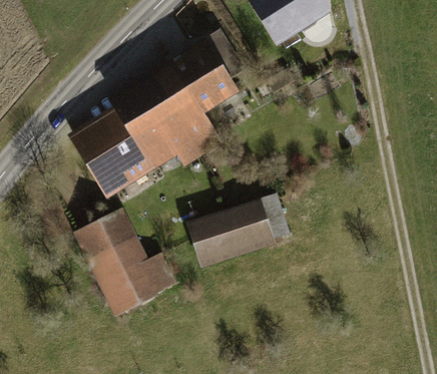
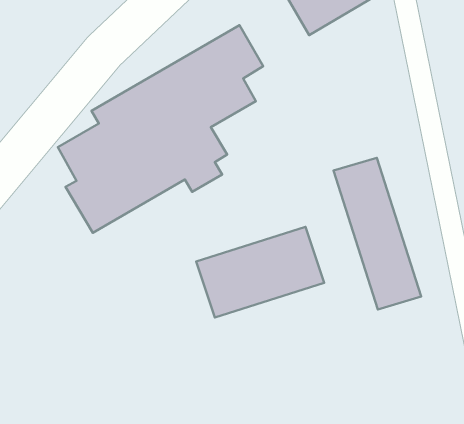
building: none -> [334,158,421,309]
building: [75,211,181,317] -> none

